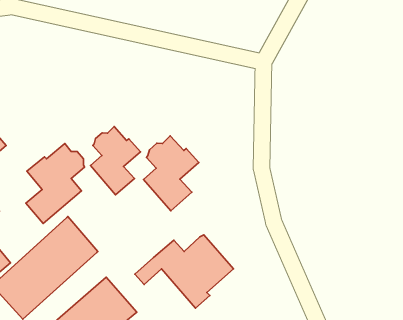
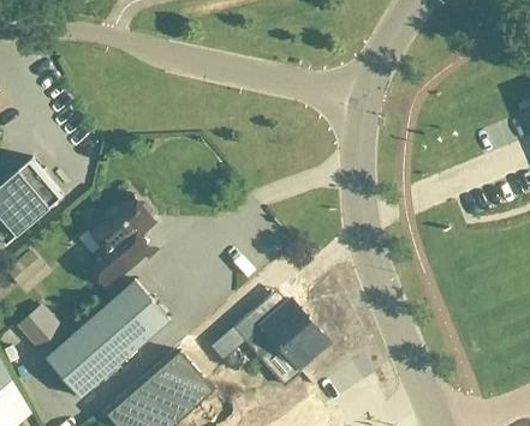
building: [90,127,140,195] -> none
building: [144,136,199,211] -> none

